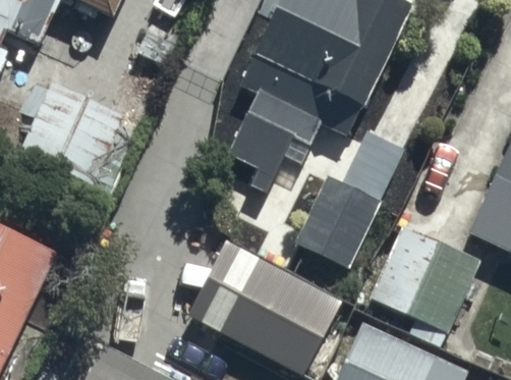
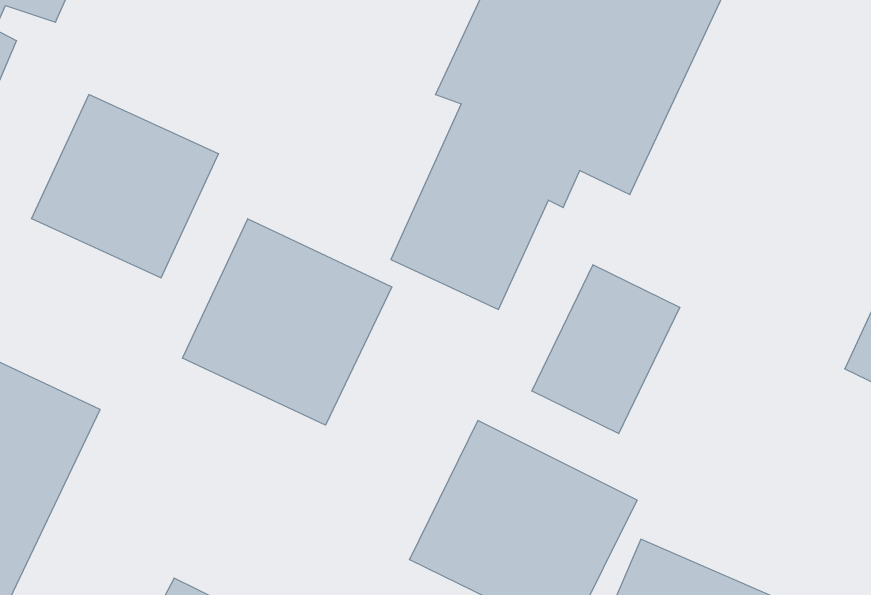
building: none -> [183,219,392,425]
building: [365,224,476,330] -> none

